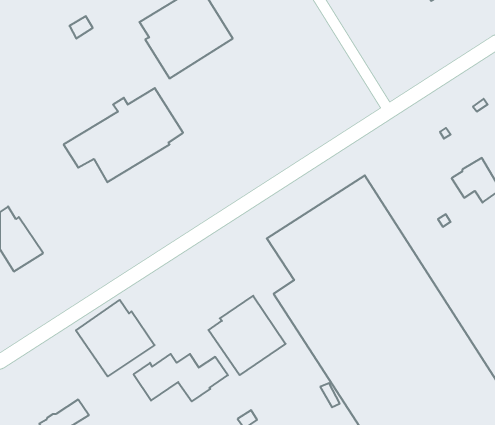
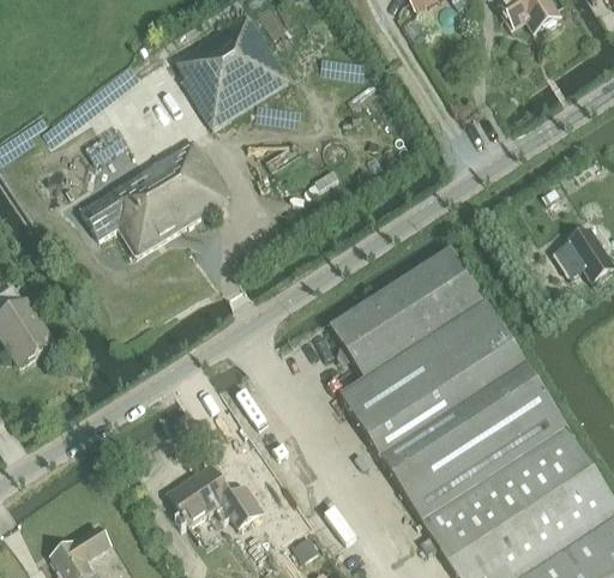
building: [208,296,286,375] -> none
building: [76,300,155,376] -> none

